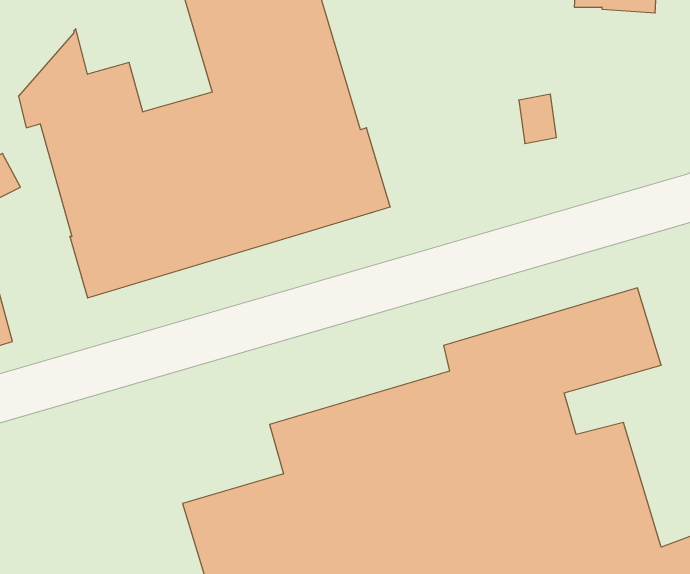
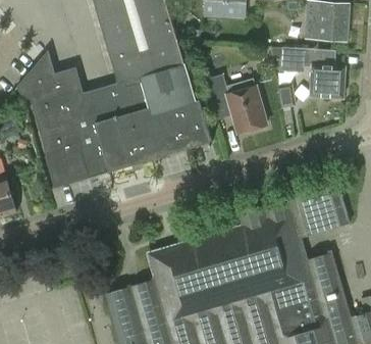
building: none -> [280,48,344,99]
building: none -> [204,75,266,134]

